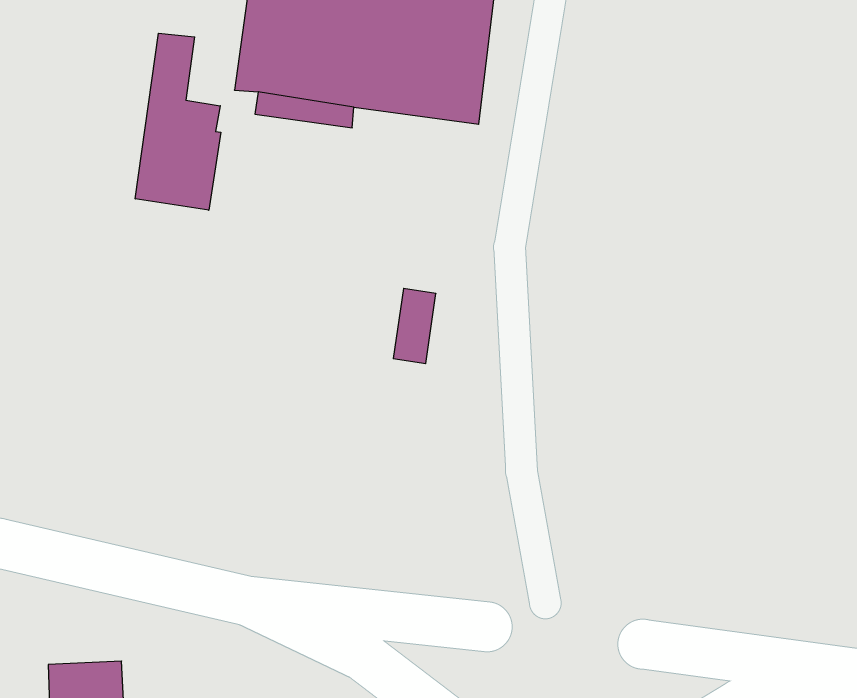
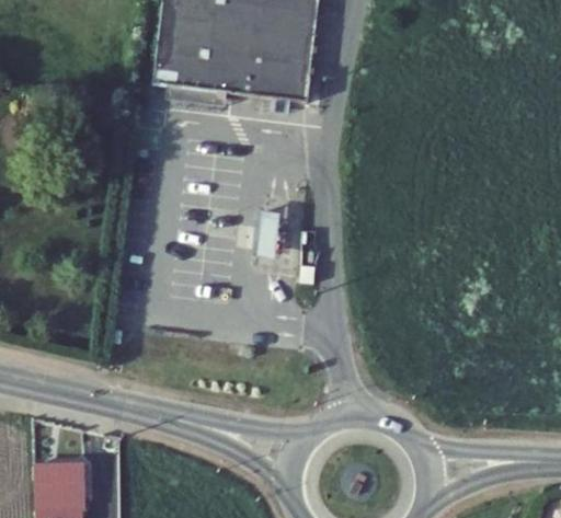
building: [135,33,221,210] -> none

